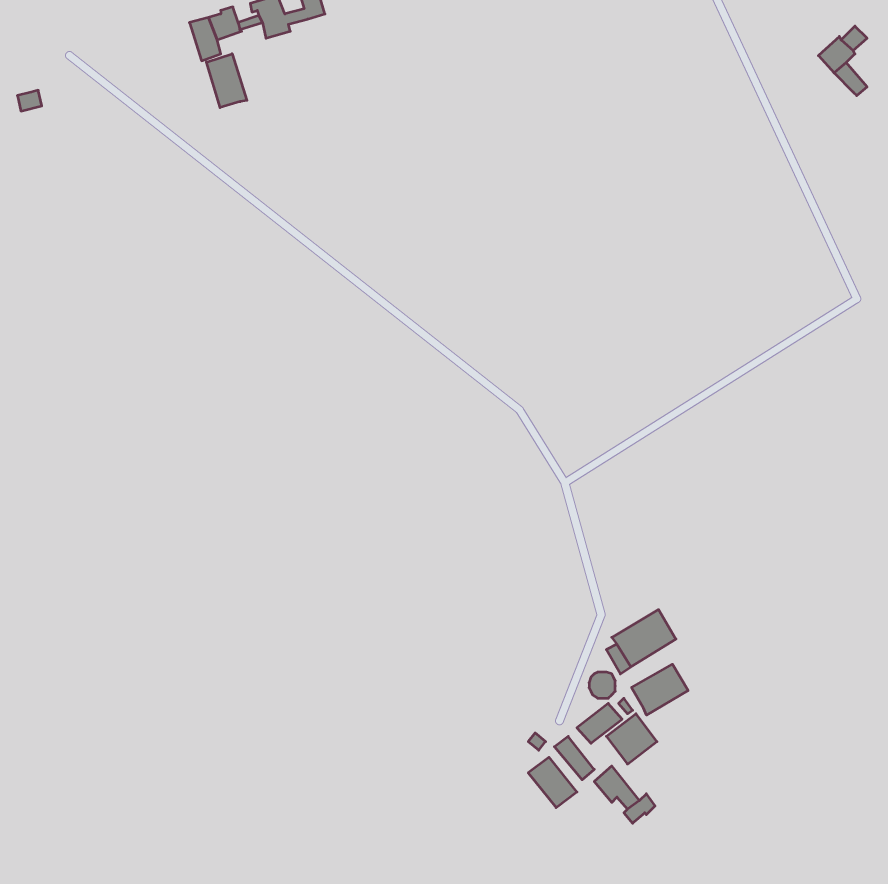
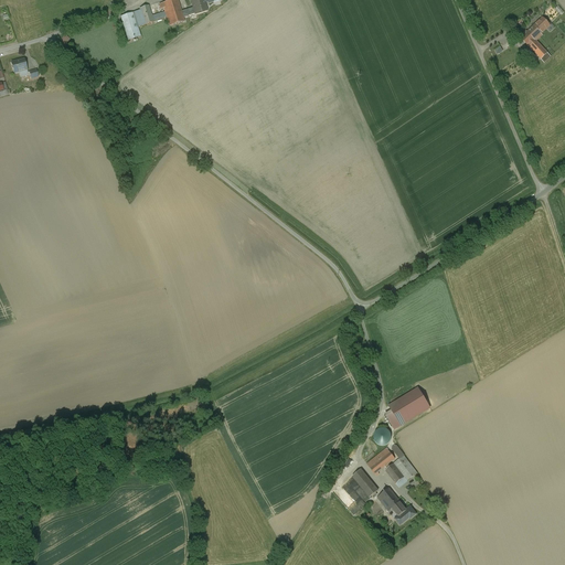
building: [206,54,247,108] -> none
building: [632,664,688,715] -> none

